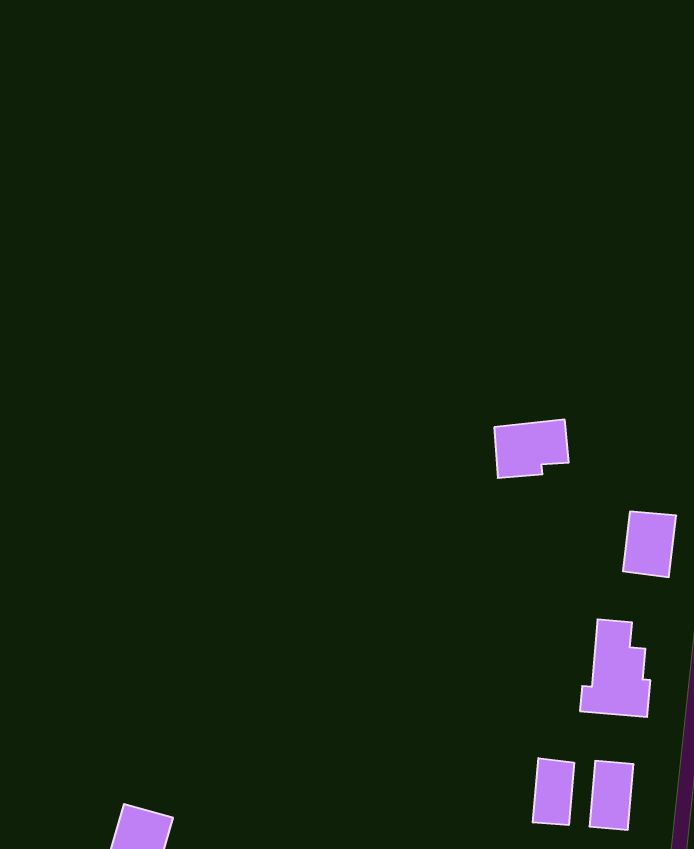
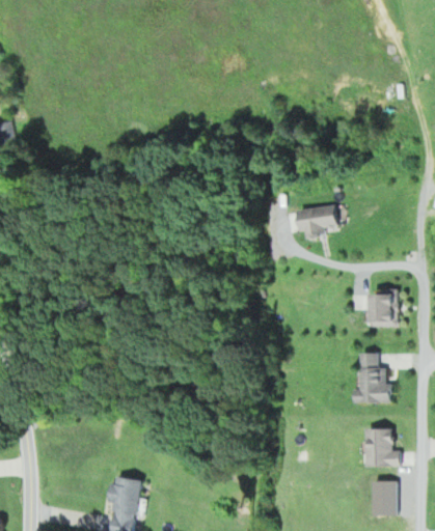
building: [494,420,569,478] -> [299,203,341,237]
building: [533,758,574,825] -> none

